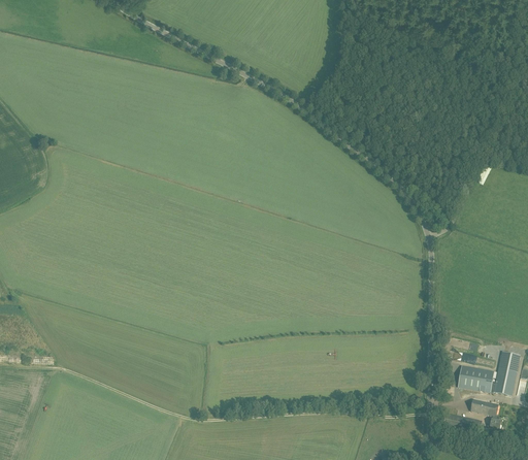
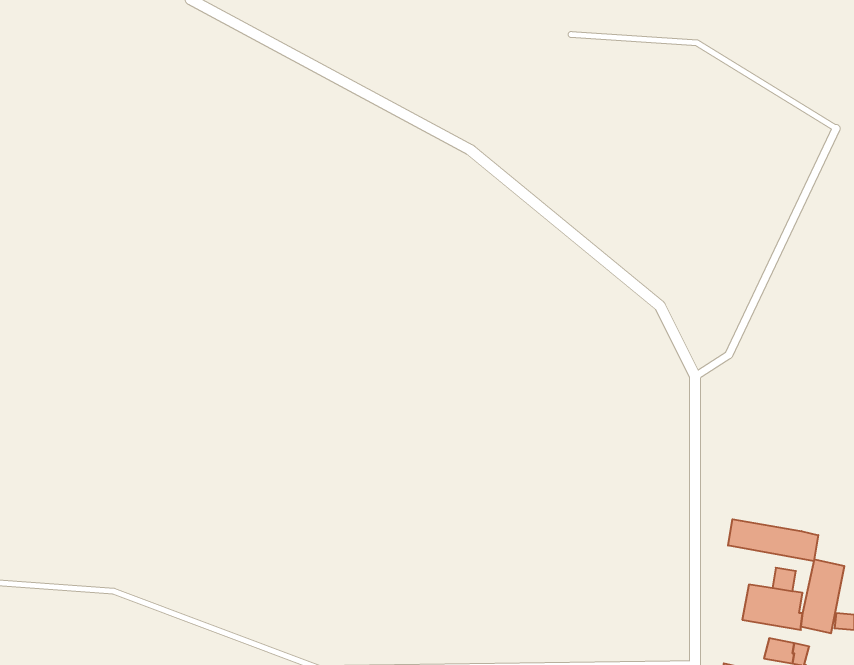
building: none -> [728,519,818,561]

